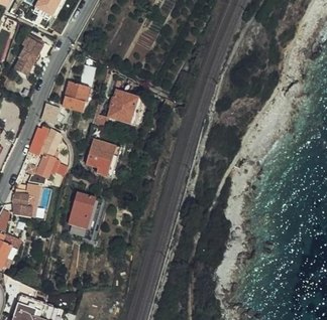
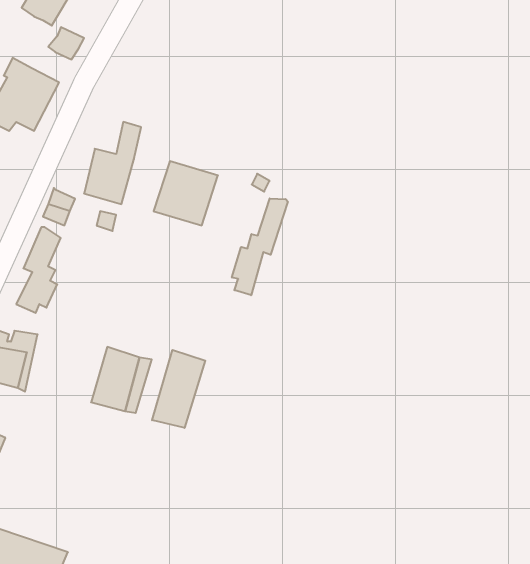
building: none -> [232,198,288,295]
building: [85,140,121,176] -> none
building: none -> [152,350,205,428]

